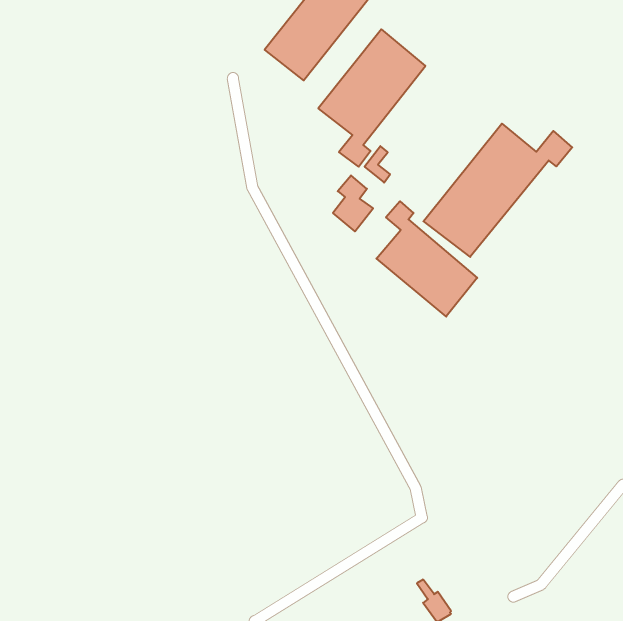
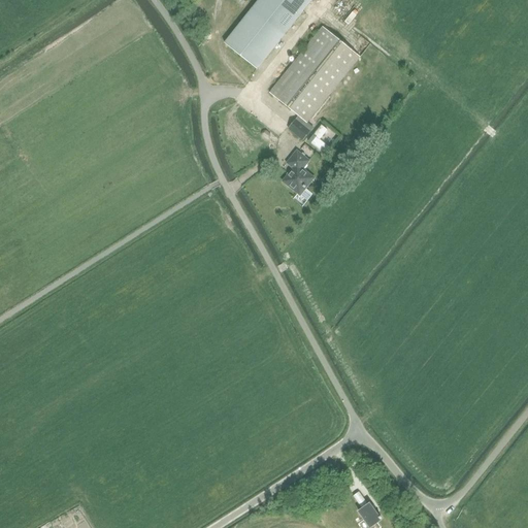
building: [423,124,572,257] -> none
building: [376,201,477,317] -> none

